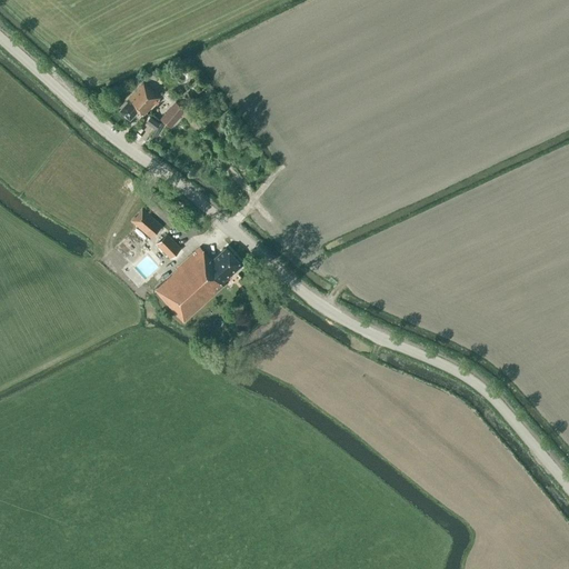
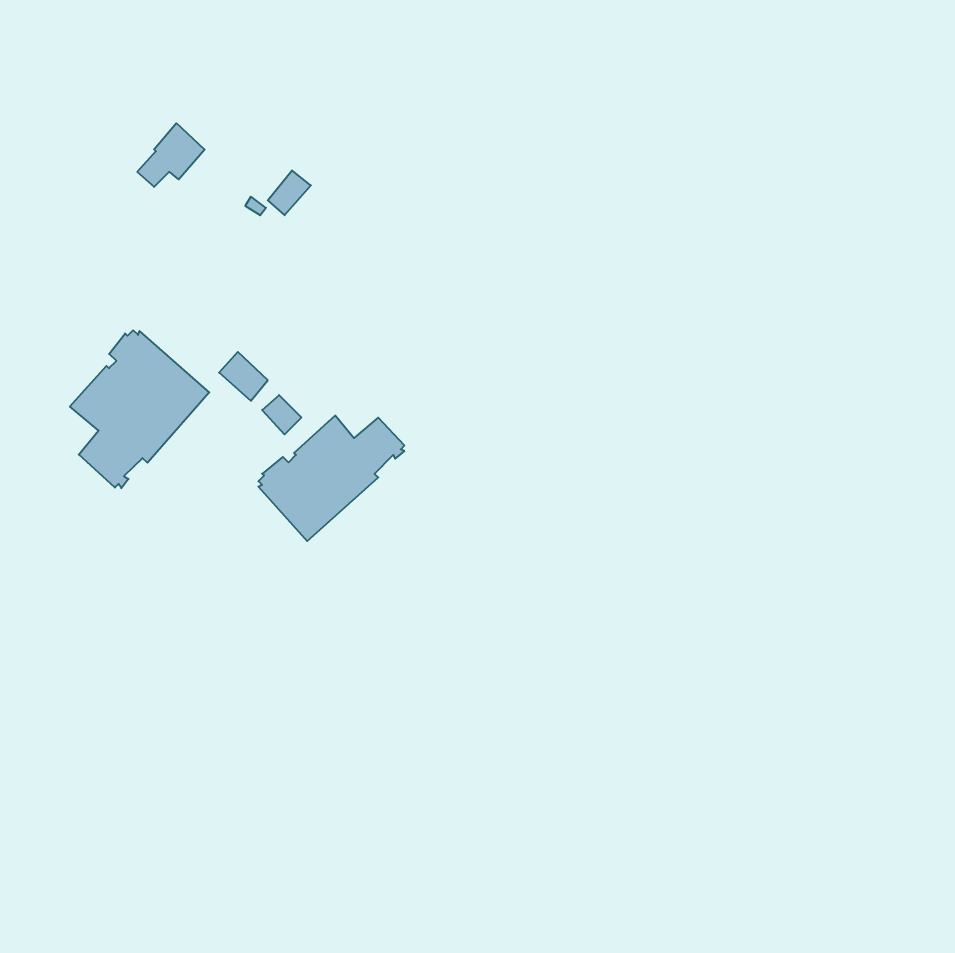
building: [118,84,158,122] -> [137,123,205,187]
building: none -> [70,330,209,488]

